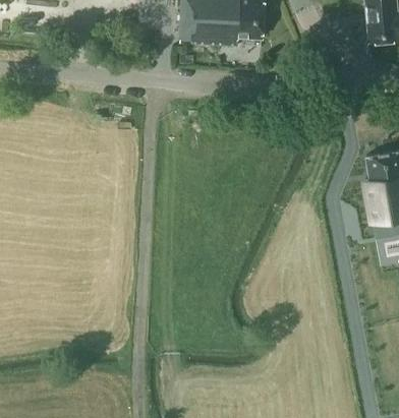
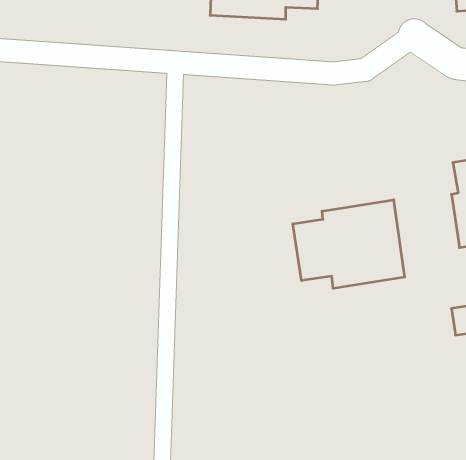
building: none -> [293,200,405,288]

